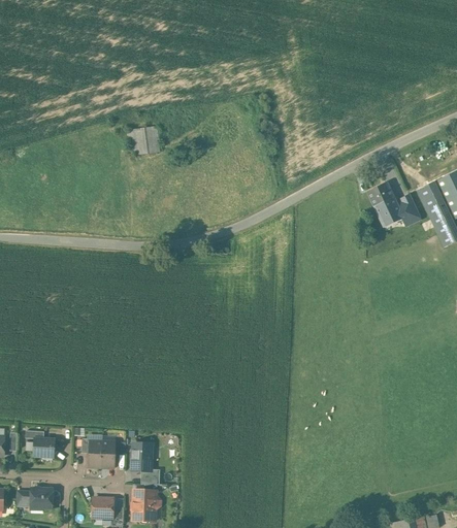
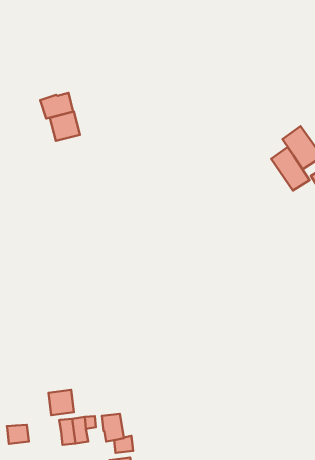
building: none -> [40,93,73,119]
building: none -> [271,147,310,191]
building: none -> [48,390,74,415]

